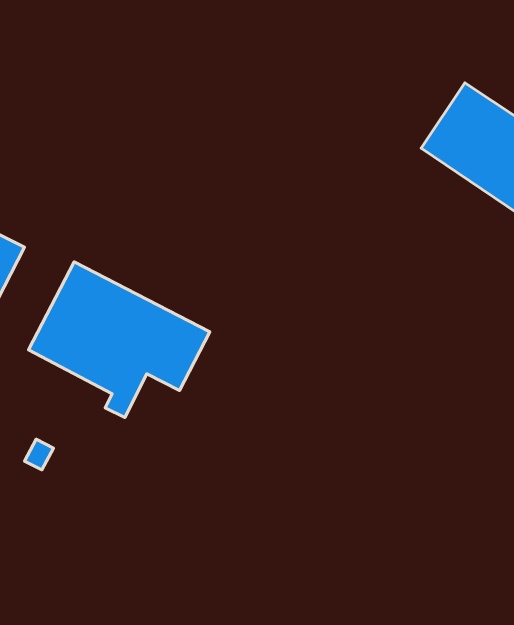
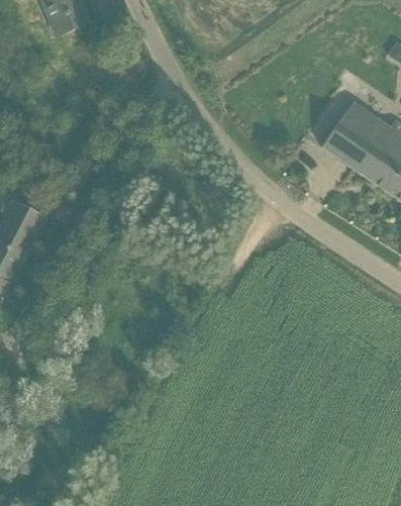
building: [28,262,210,417] -> none

